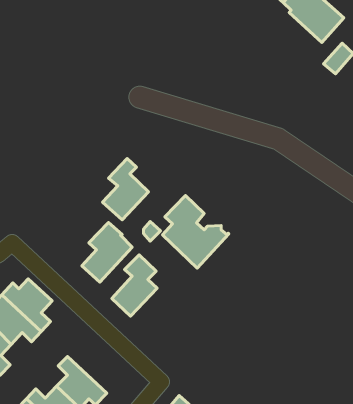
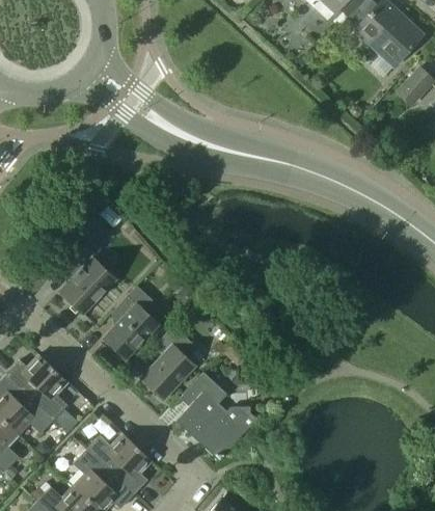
building: [102,159,149,220] -> [59,239,115,314]
building: [162,196,229,268] -> [175,372,256,460]
building: none -> [86,433,152,493]

